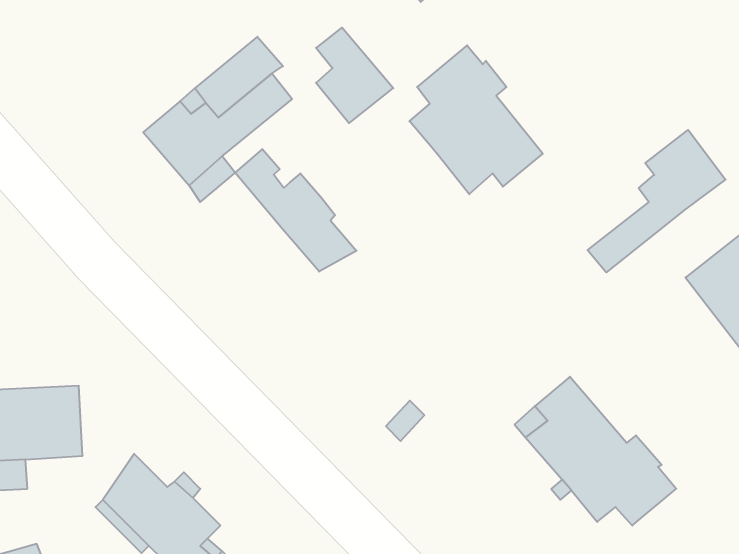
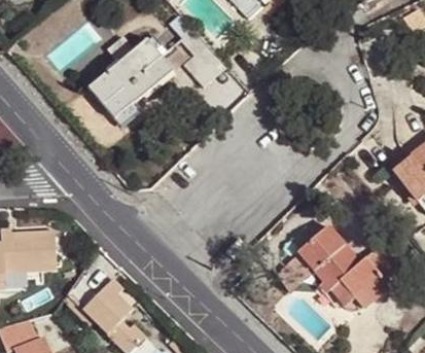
building: [409,45,543,194] -> none
building: [588,130,726,272] -> none
building: [235,149,357,272] -> none

